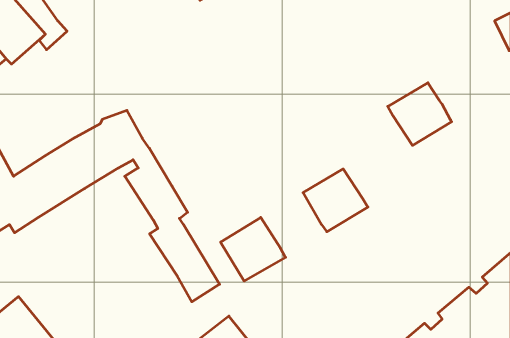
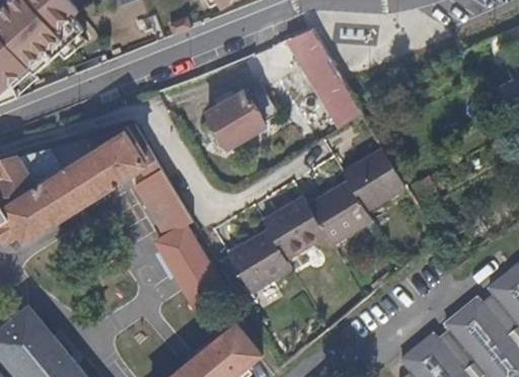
building: none -> [246,30,365,129]
building: none -> [195,93,266,154]
building: [388,83,452,145] -> [345,148,407,210]
building: none -> [264,196,328,258]

